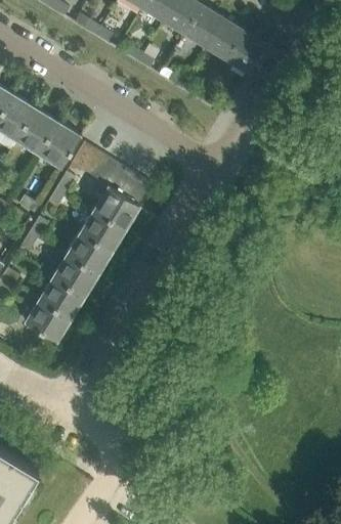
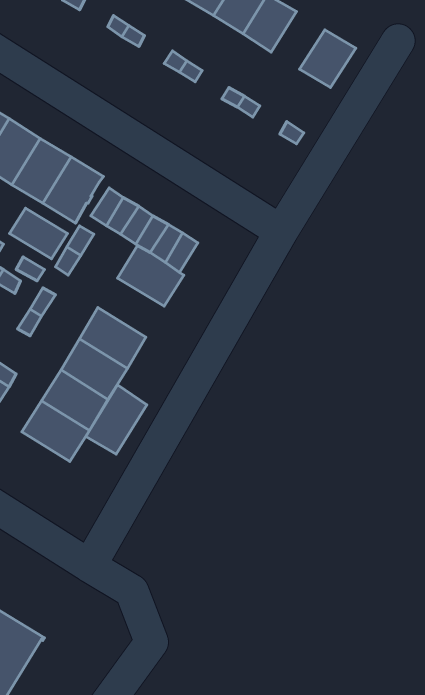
building: [204,16,243,58] -> none
building: none -> [9,208,68,259]
building: [78,210,126,253] -> none
building: none -> [86,385,147,454]

